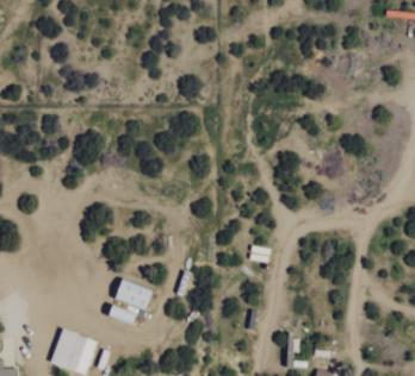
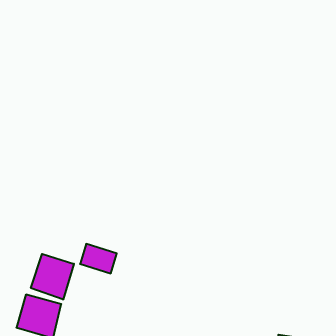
building: none -> [31,254,74,300]

